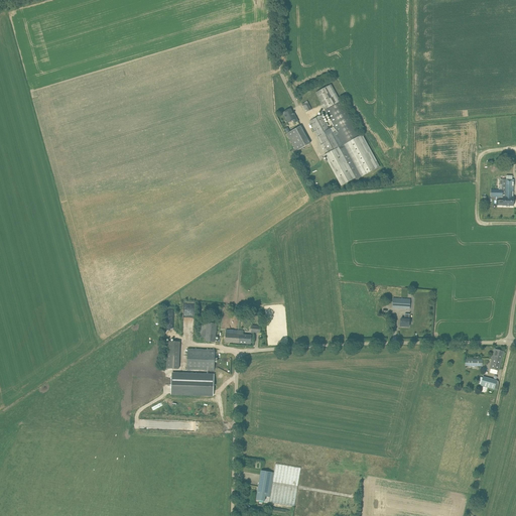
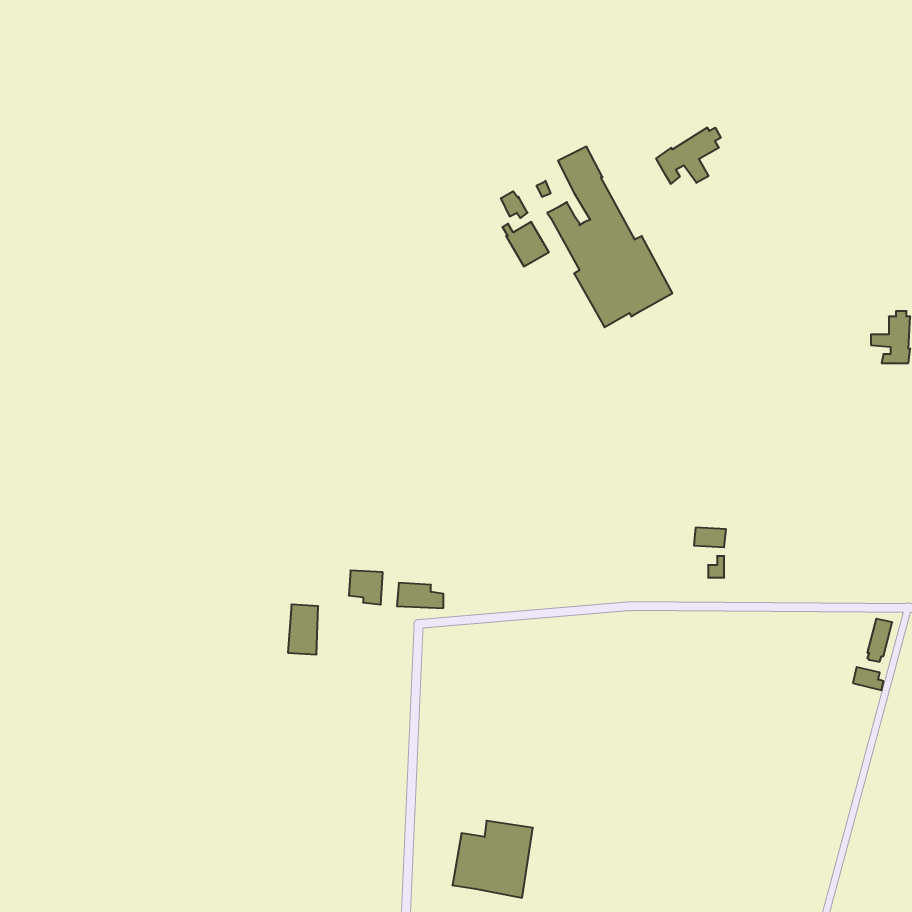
building: none -> [656,127,721,184]
building: [185,349,214,369] -> none
building: [170,373,213,394] -> none

